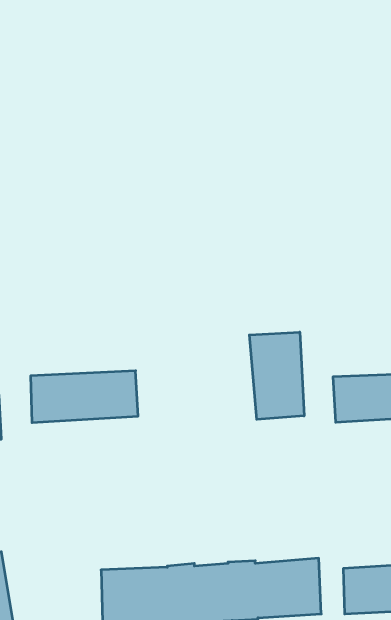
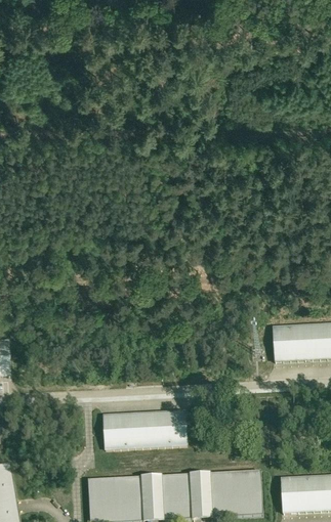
building: [249,332,304,419] -> none
building: [31,371,138,423] -> [104,409,189,450]

